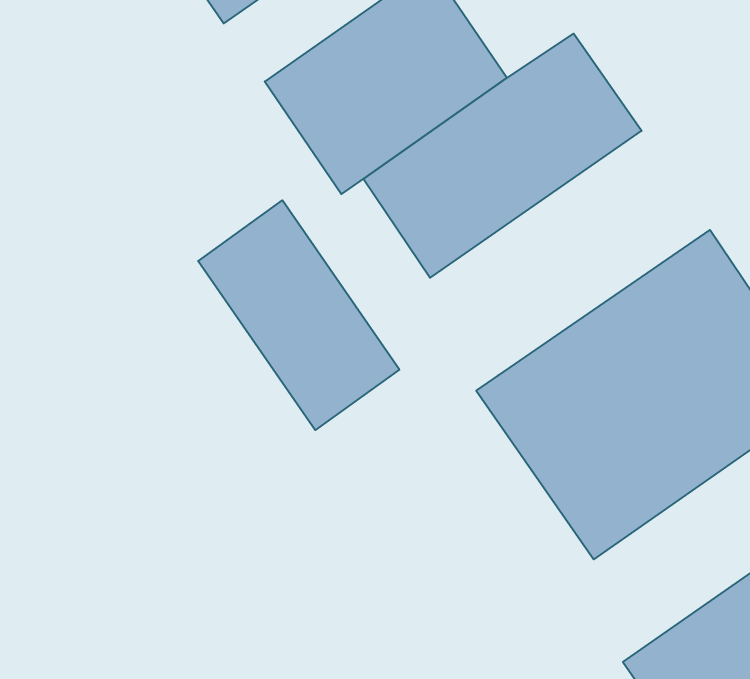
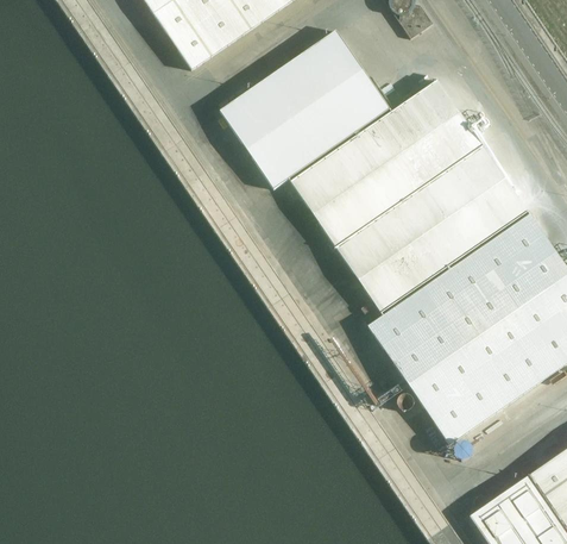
building: none -> [336,145,531,315]
building: [198,200,399,430] -> none

